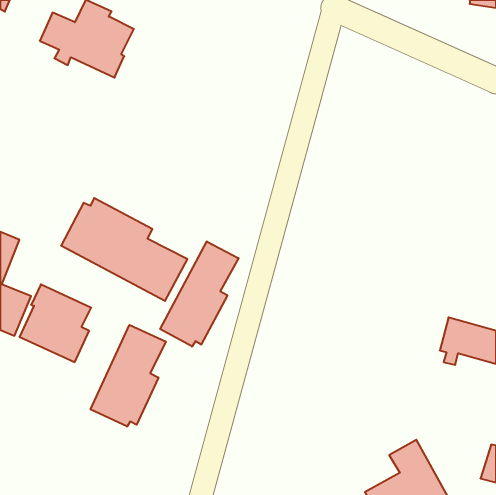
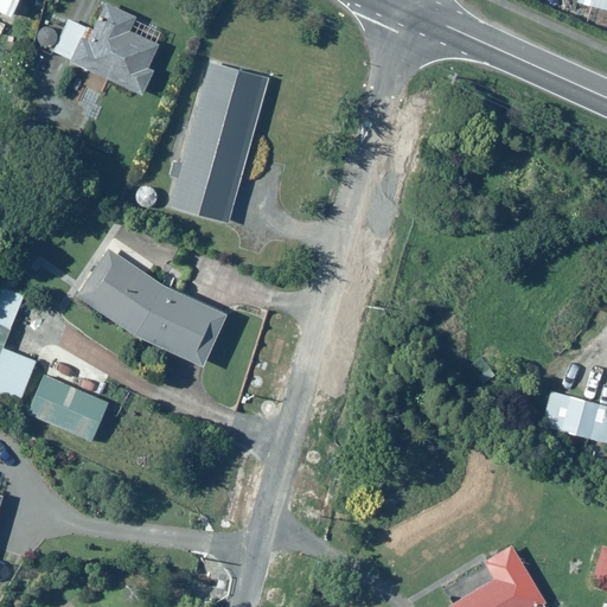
building: none -> [165,62,268,224]
building: [160,241,239,347] -> none
building: [91,325,166,427] -> none

